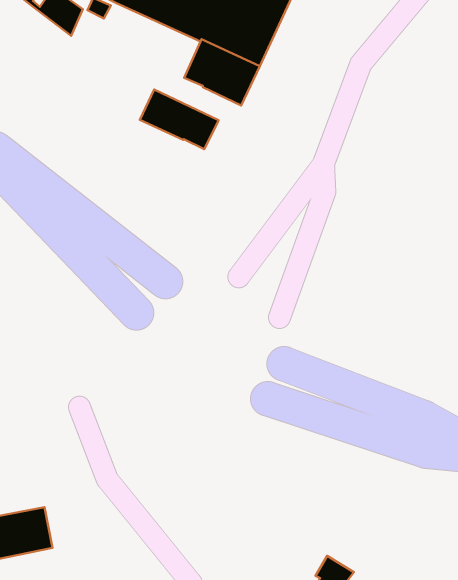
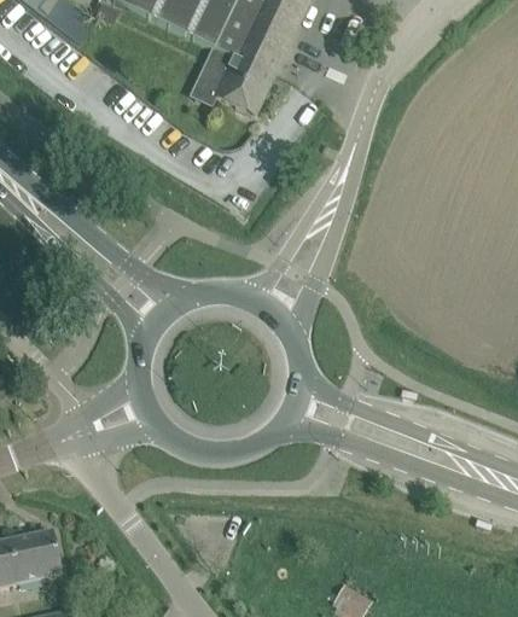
building: [140,89,219,149] -> none

